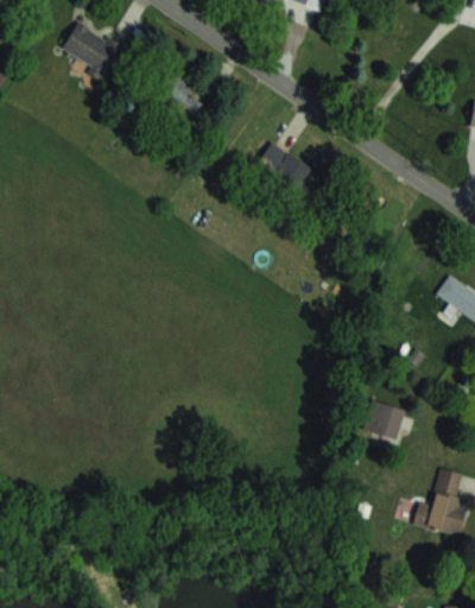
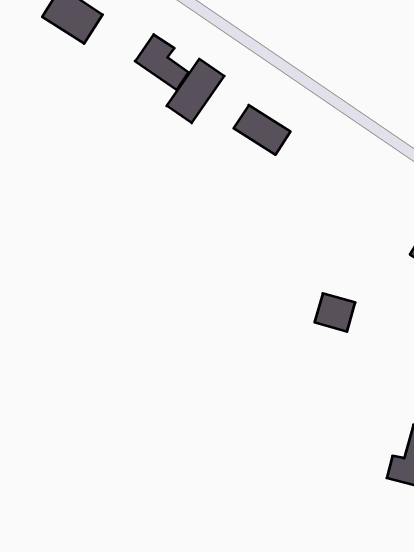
building: none -> [167,59,224,123]
building: [363,401,405,441] -> [315,293,355,332]

